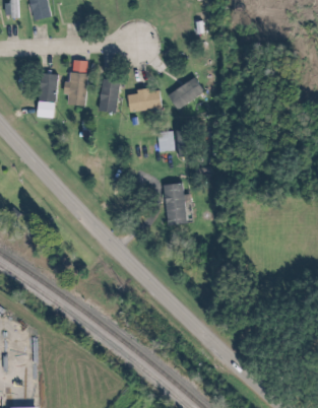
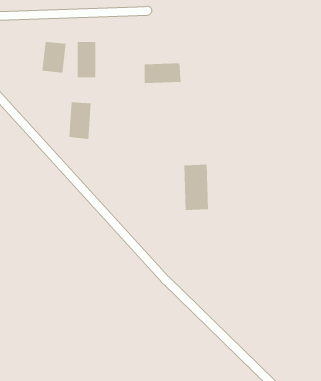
building: [169,77,204,110] -> none
building: [100,79,120,113] -> [69,102,91,139]
building: [157,128,176,152] -> none

